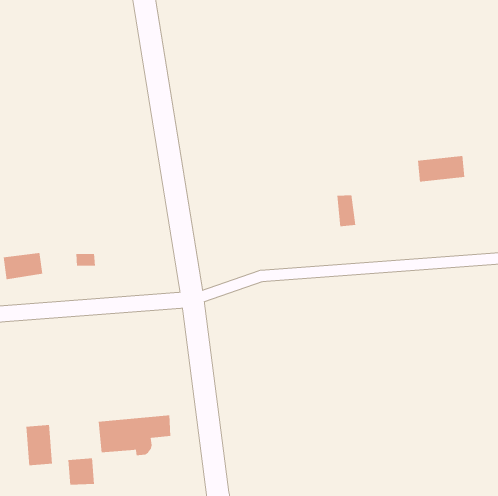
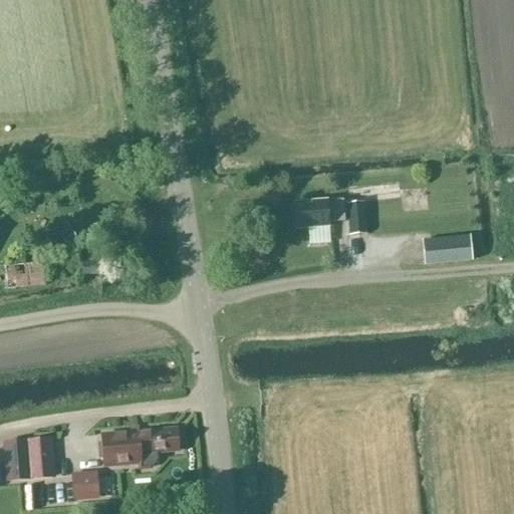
building: [417,156,465,182] -> [424,234,473,261]
building: none -> [294,197,345,227]
building: none -> [6,438,30,477]

